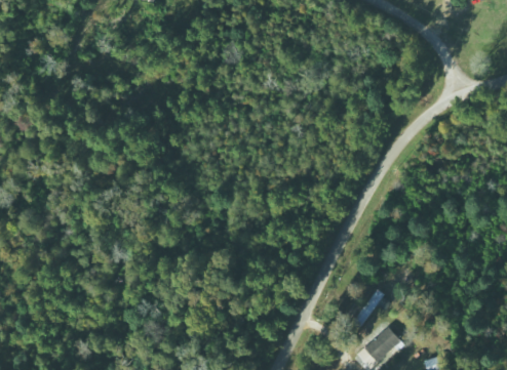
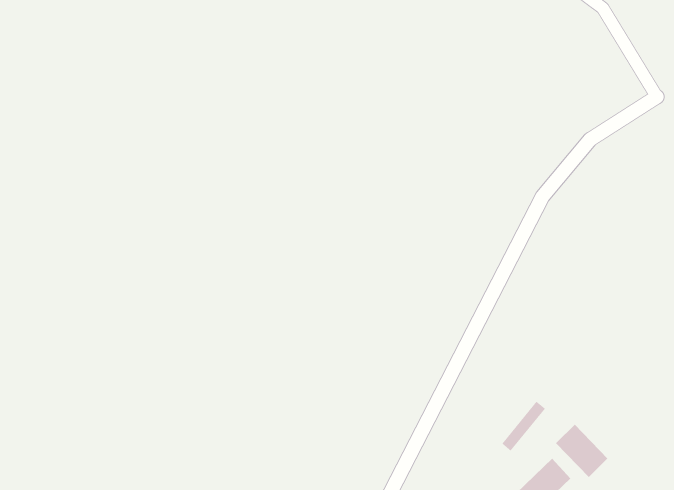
building: none -> [555,424,608,478]

